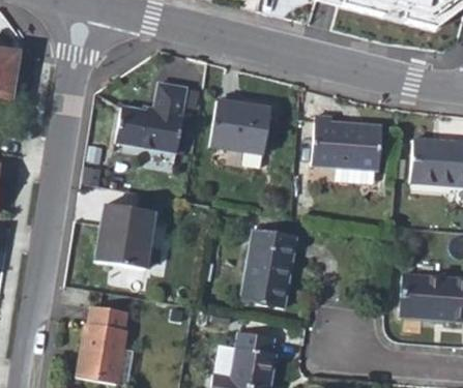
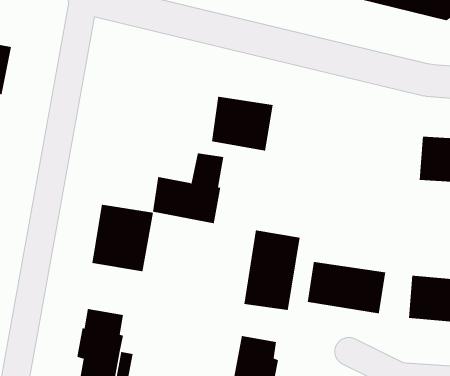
building: [116,83,185,151] -> [152,153,224,224]
building: [310,115,381,182] -> none
building: none -> [307,261,386,314]

